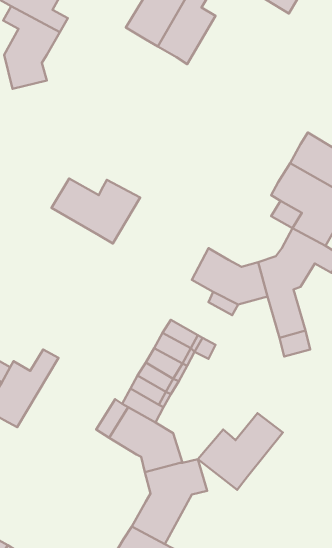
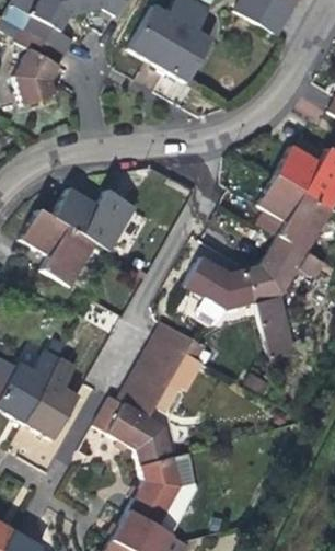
building: none -> [24,209,99,286]
building: none -> [23,356,79,438]
building: [198,413,283,490] -> none

